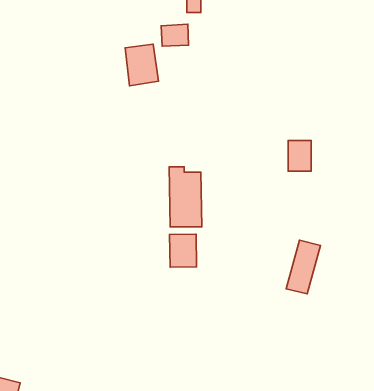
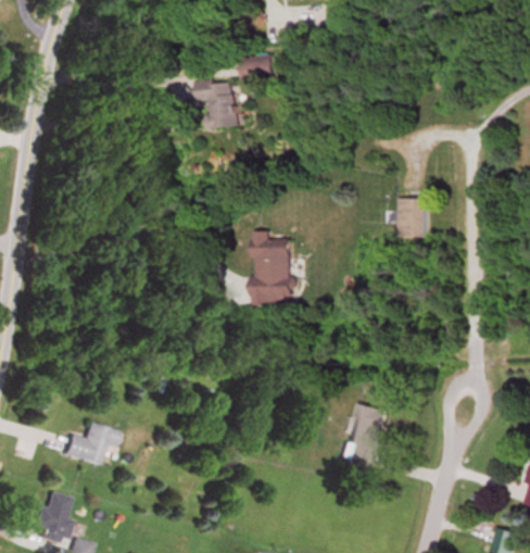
building: [170,234,197,267] -> none
building: [286,240,321,294] -> [342,403,384,469]
building: none -> [60,423,115,464]

